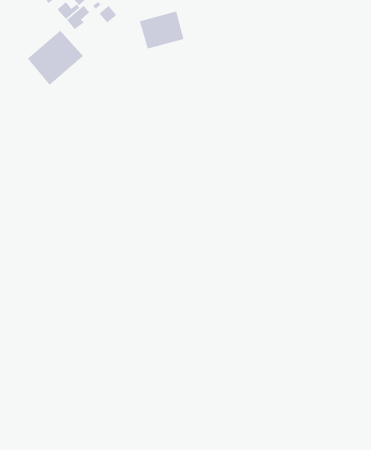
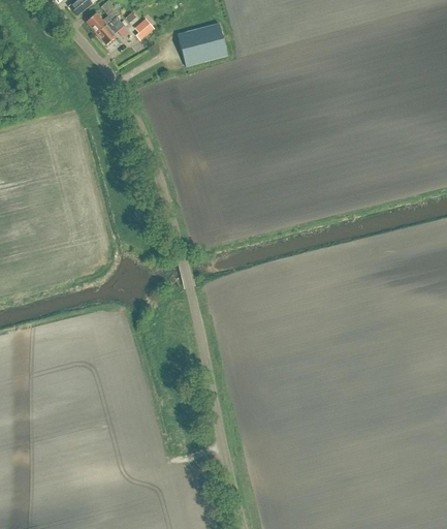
building: [27,30,84,86] -> none

